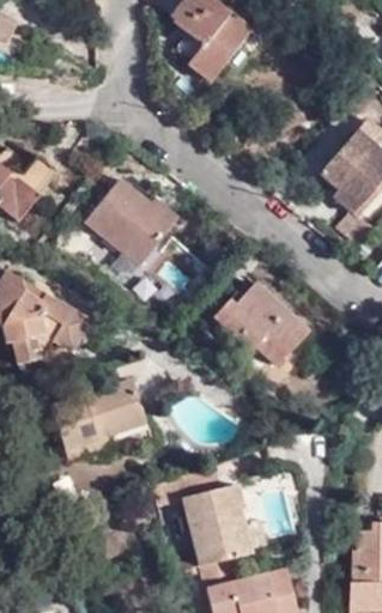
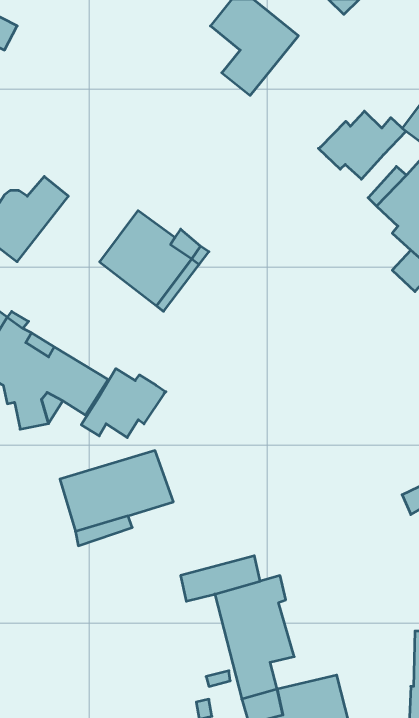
building: none -> [318,111,406,179]
building: [216,280,310,366] -> none
building: none -> [81,369,166,438]

